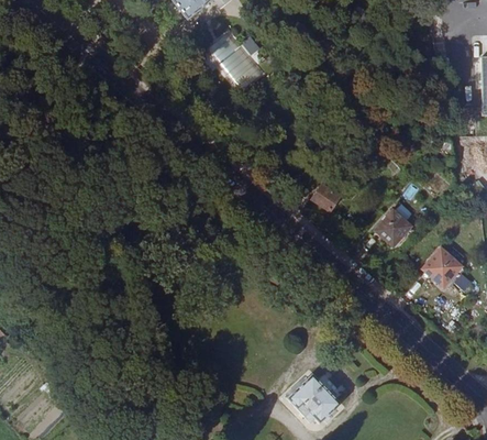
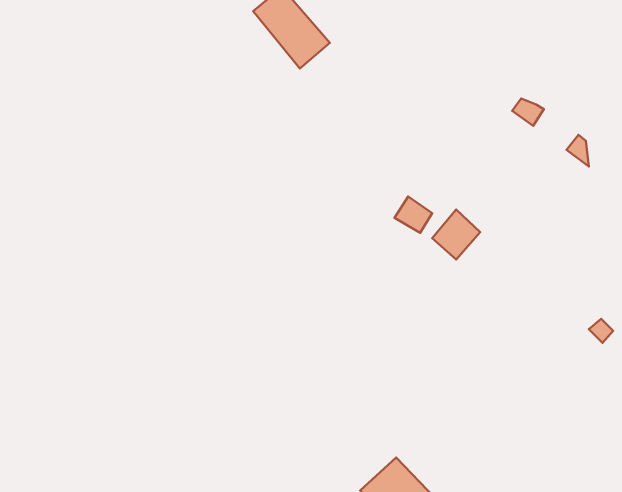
building: [376,208,411,244] -> [432,210,480,259]
building: [423,246,462,286] -> none

